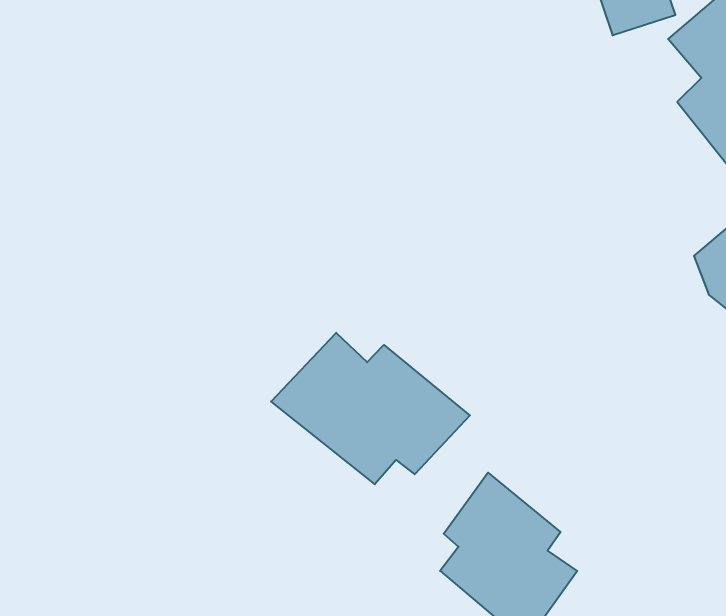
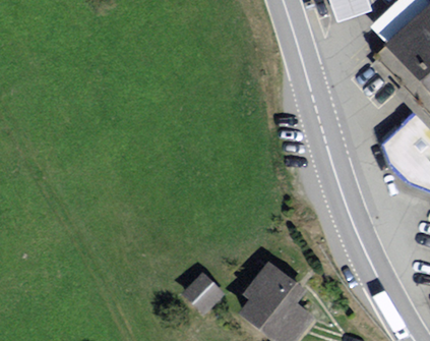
building: [271,333,470,484] -> none
building: none -> [183,270,225,310]

